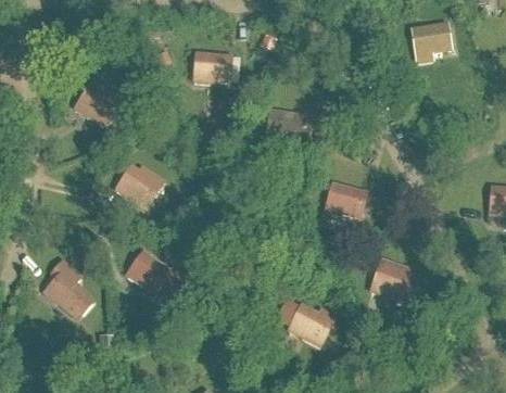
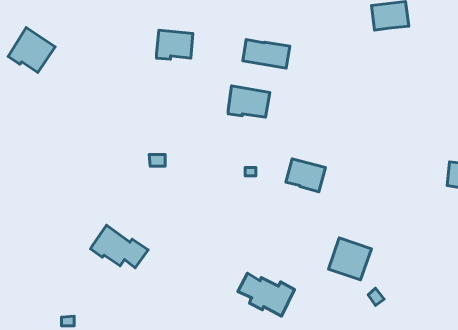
building: none -> [243,40,290,68]
building: [74,79,122,125] -> [8,28,55,73]
building: [116,165,160,205] -> none
building: [43,261,92,318] -> none

